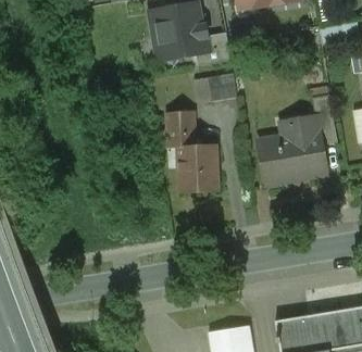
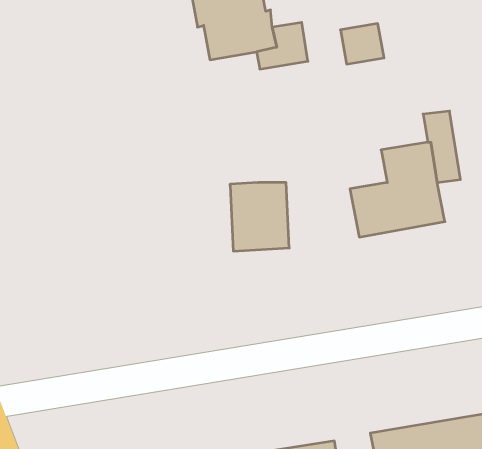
building: [207,73,237,101] -> [340,24,384,64]
building: [164,110,196,148] -> none

